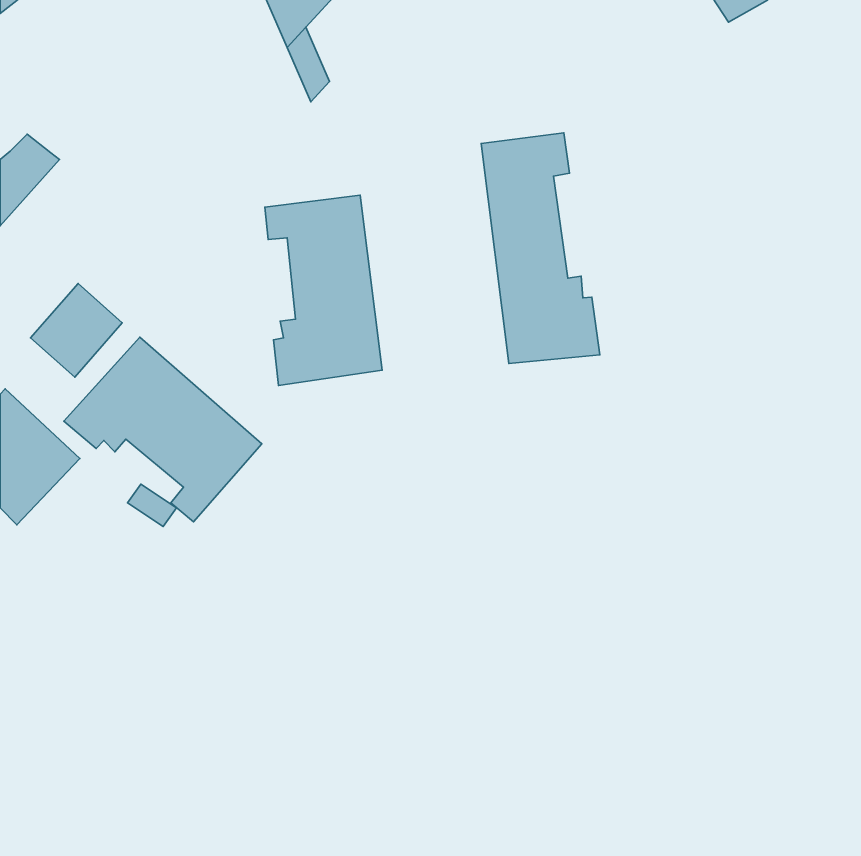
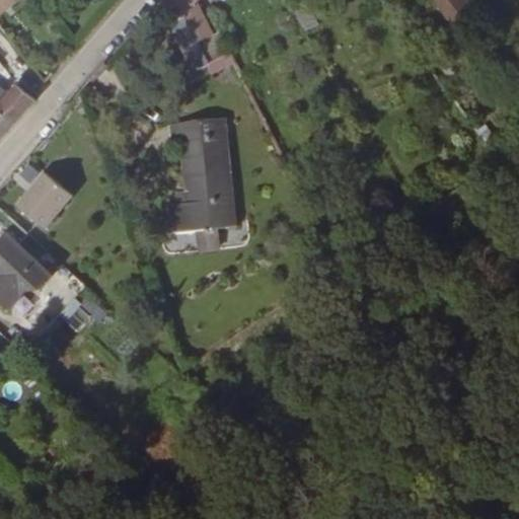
building: [481,133,600,363] -> none
building: [64,337,262,522] -> none

